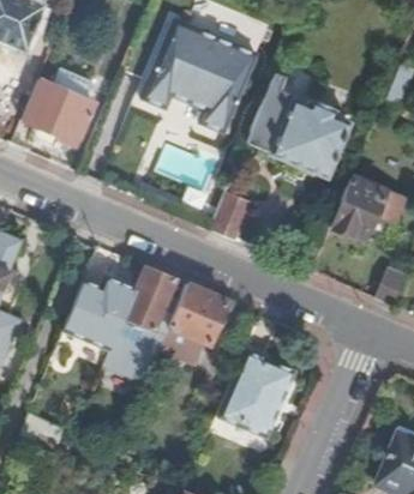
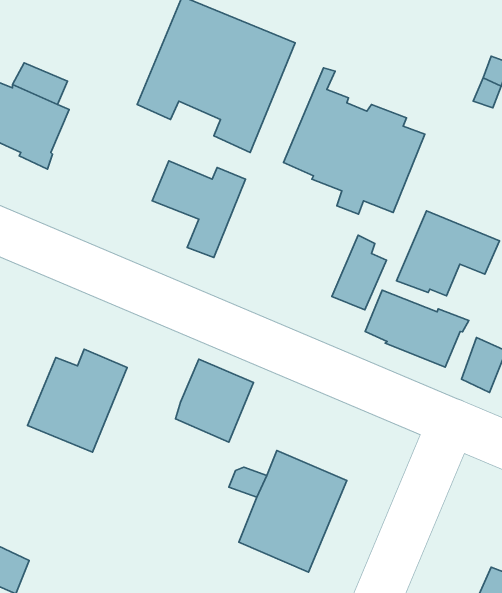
building: [212,185,252,239] -> [332,235,387,310]
building: none -> [365,290,469,367]
building: [104,265,174,380] -> none

